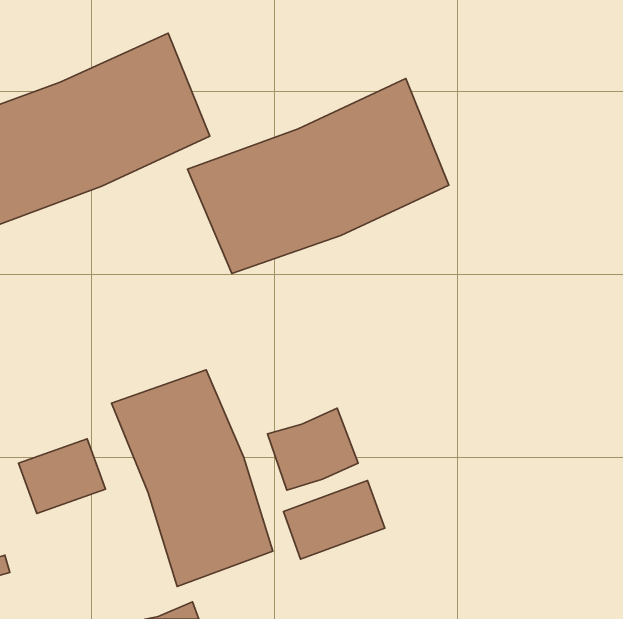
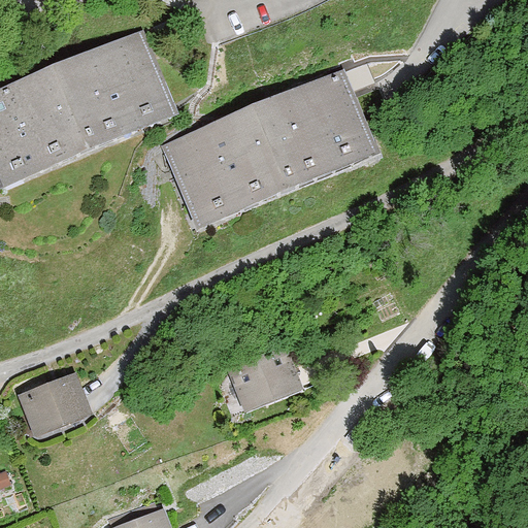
building: [112,370,273,586] -> none
building: [283,481,385,559] -> none

